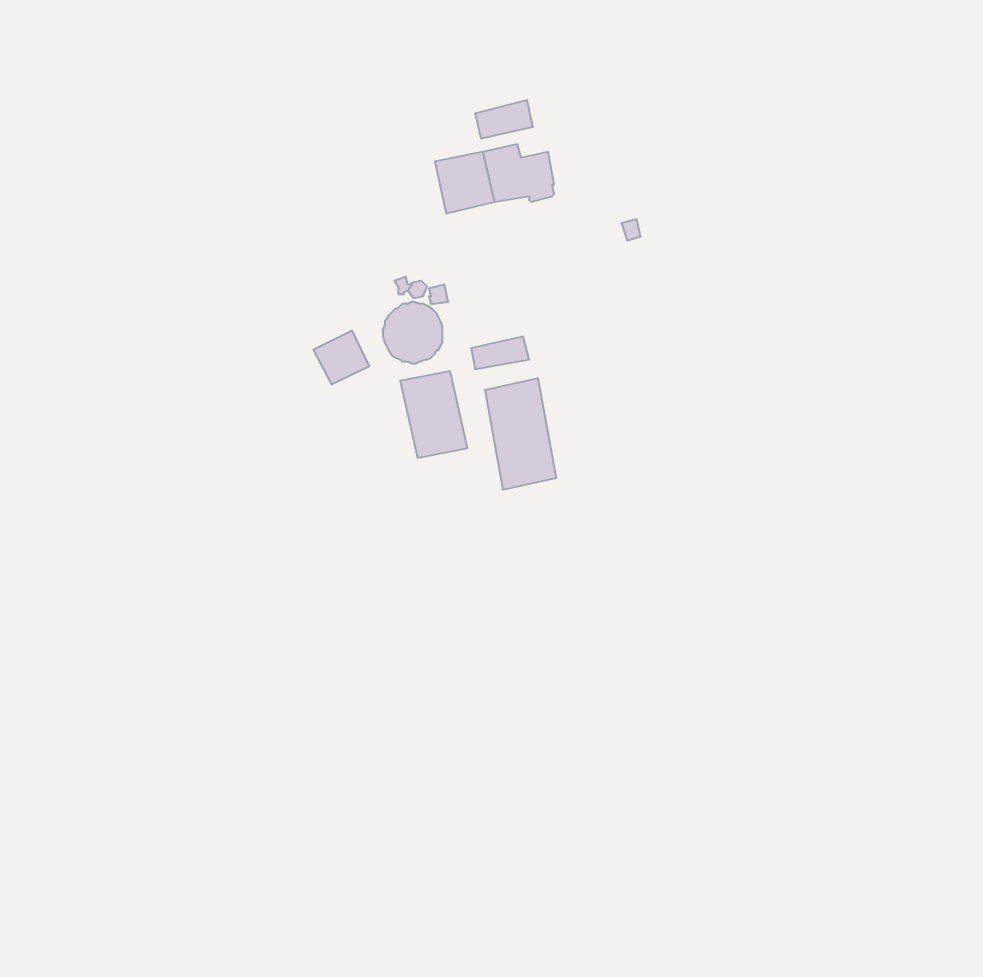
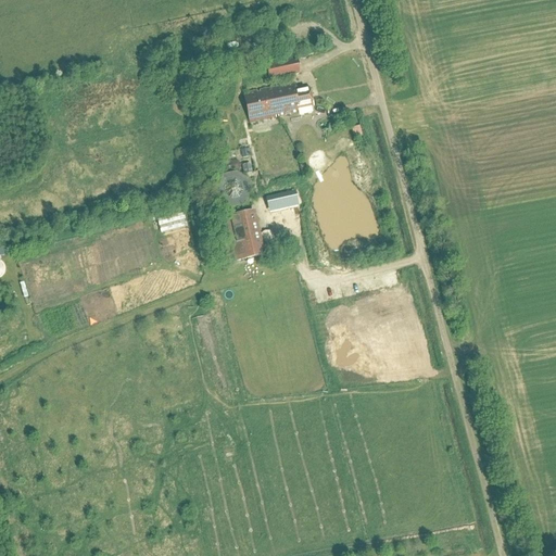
building: [313,330,369,385] -> none
building: [485,378,556,490] -> none

